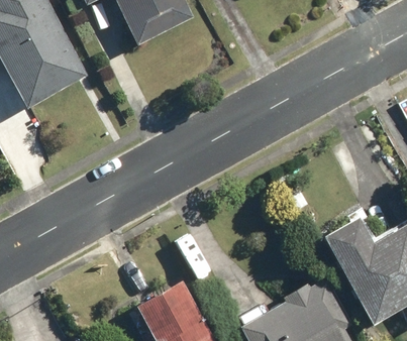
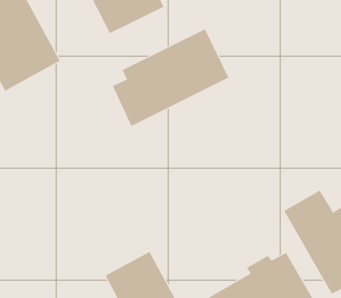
building: none -> [112,28,229,127]

